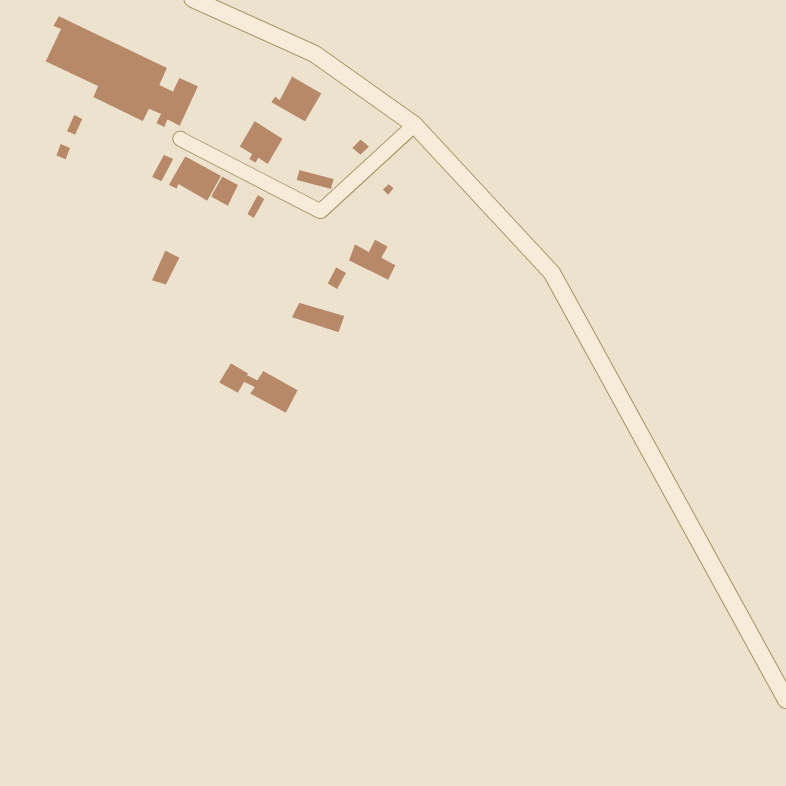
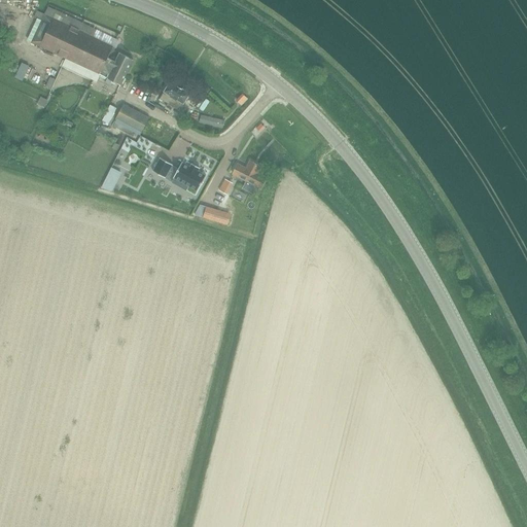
building: [270,75,322,122] -> none
building: [218,363,298,413] -> [151,156,205,190]

